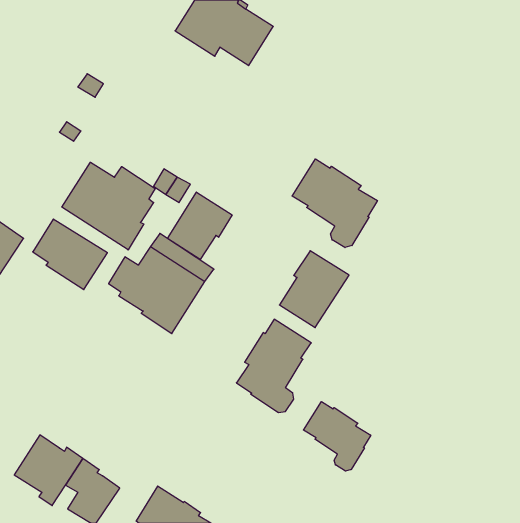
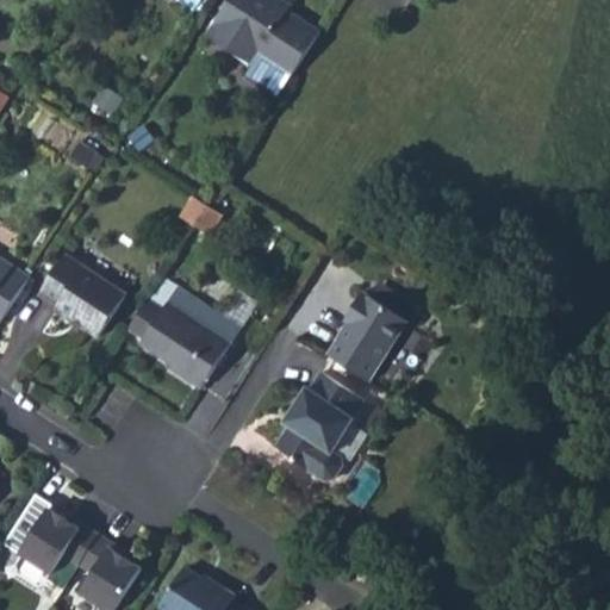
building: [292,159,377,248] -> none
building: [62,162,155,250] -> none
building: [167,192,232,260] -> none
building: [303,402,371,471] -> none

